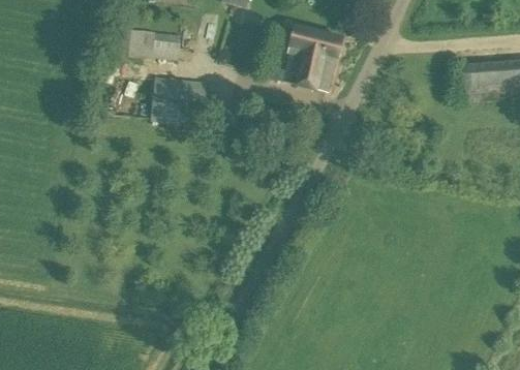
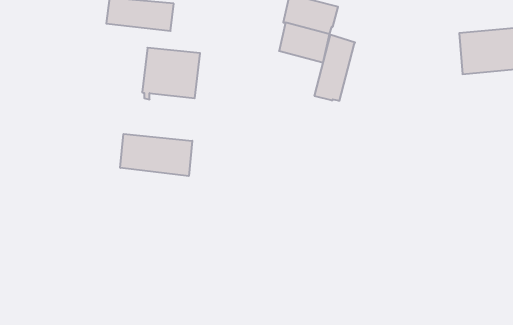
building: none -> [315,35,355,101]
building: none -> [120,134,192,176]

